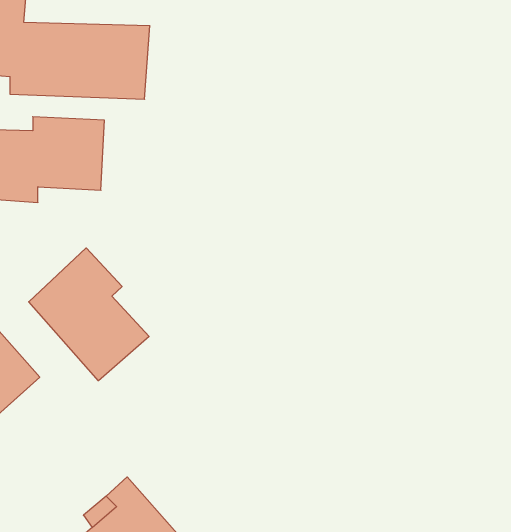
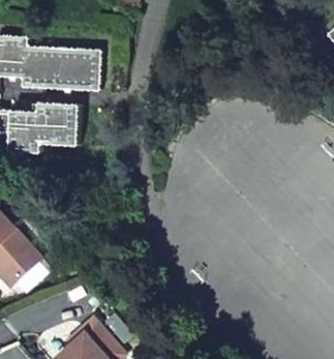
building: [29,248,149,381] -> none

